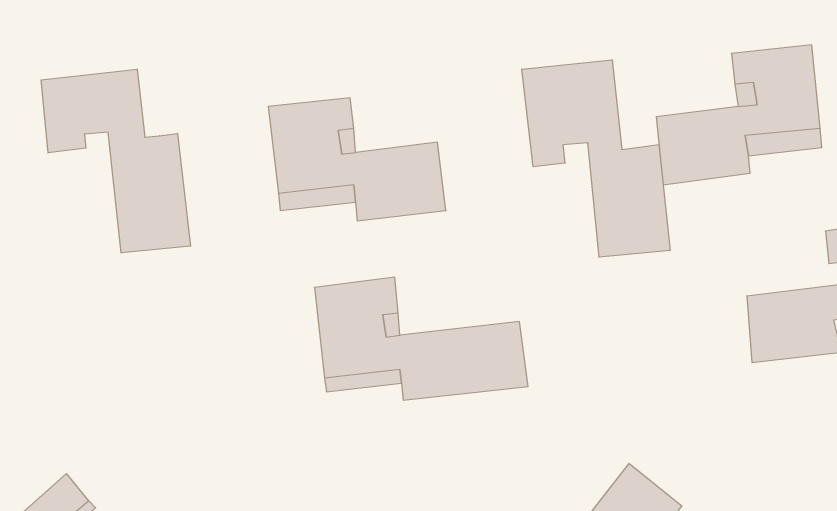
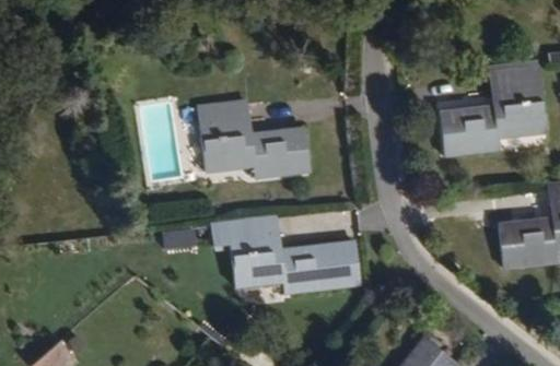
building: [522,60,670,257] -> none
building: [41,69,190,253] -> none

